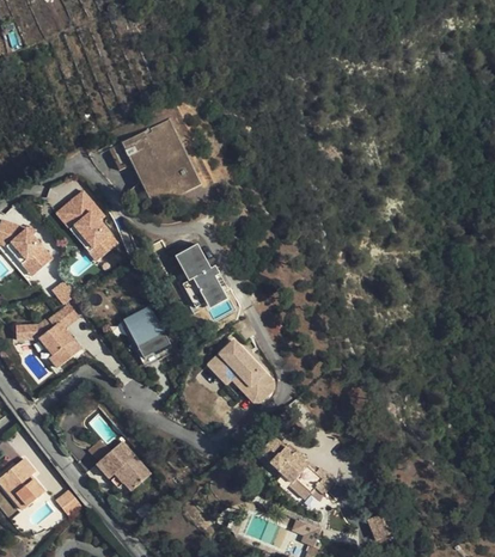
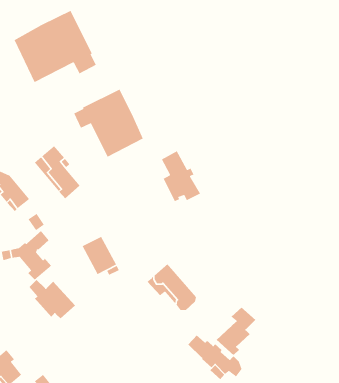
building: none -> [14,10,97,83]
building: [177,245,230,313] -> [161,150,201,202]
building: none -> [216,307,256,356]
building: [87,436,149,489] -> [28,279,76,319]

